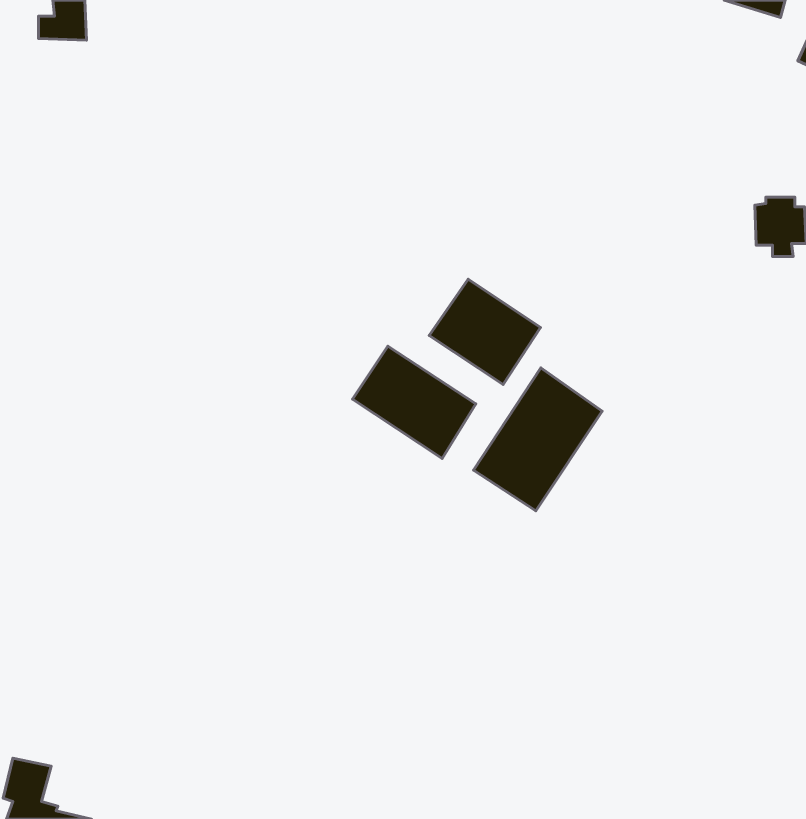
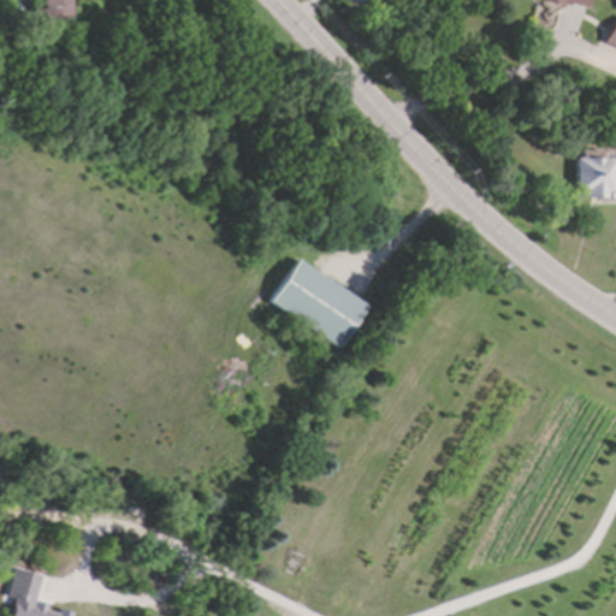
building: [429,279,540,384] -> none
building: [474,368,602,511] -> none

